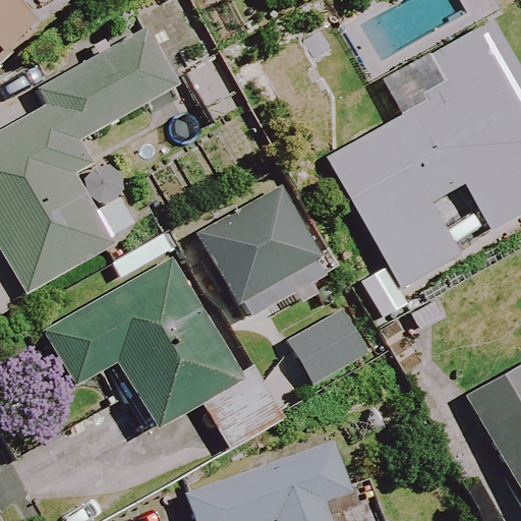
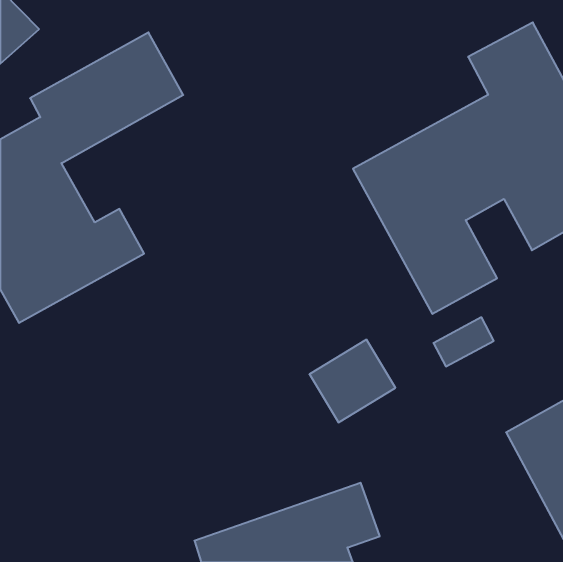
building: [195,184,332,322] -> none
building: [43,258,239,426] -> none

